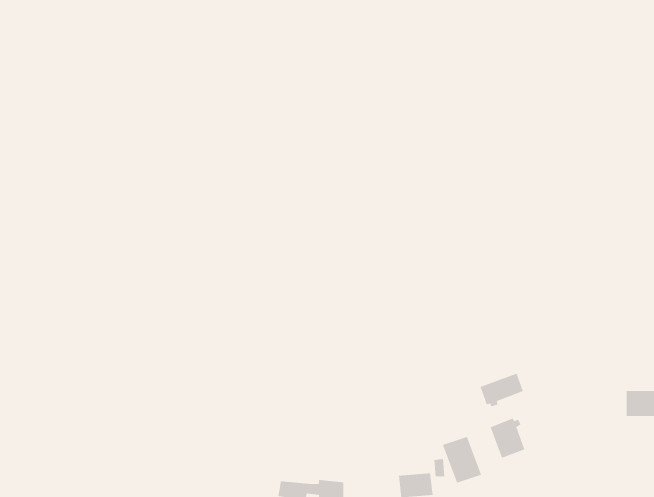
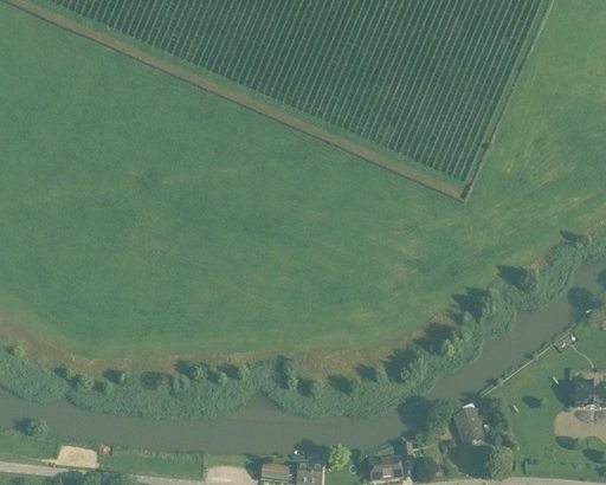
building: [480,373,524,407] -> none
building: [442,436,482,483] -> none

